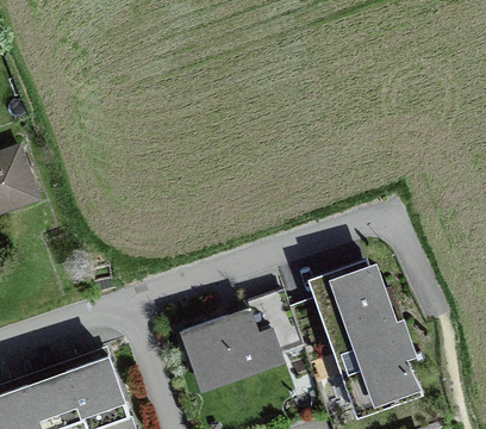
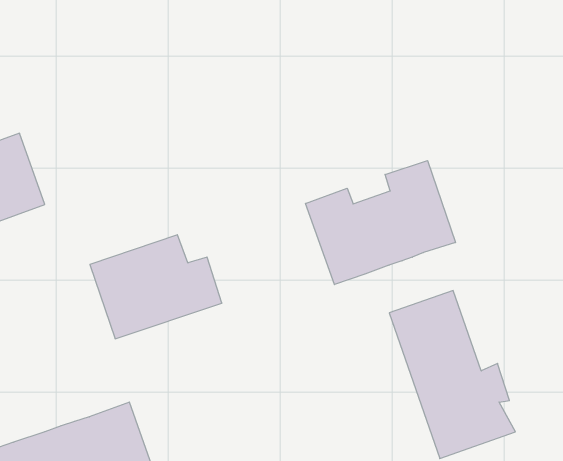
building: none -> [306,161,455,285]
building: [179,306,285,390] -> [90,235,222,339]

